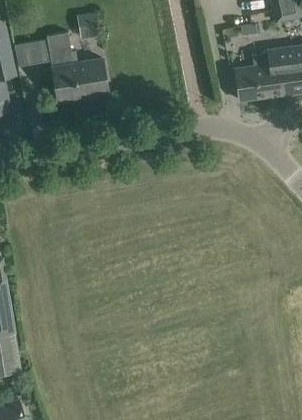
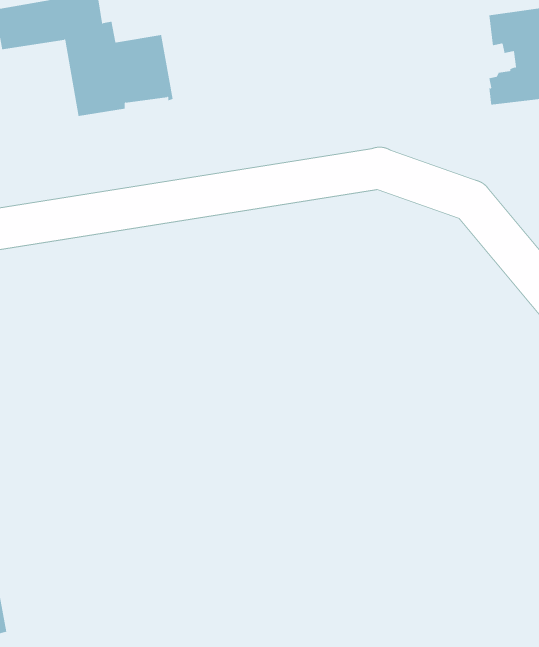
building: [235,48,287,100] -> none

